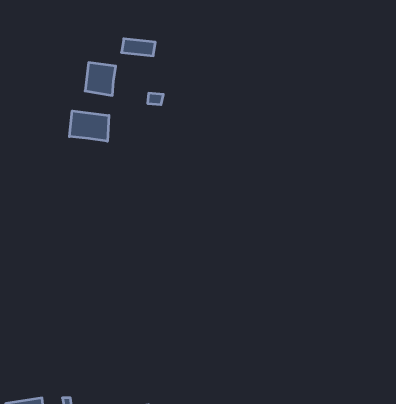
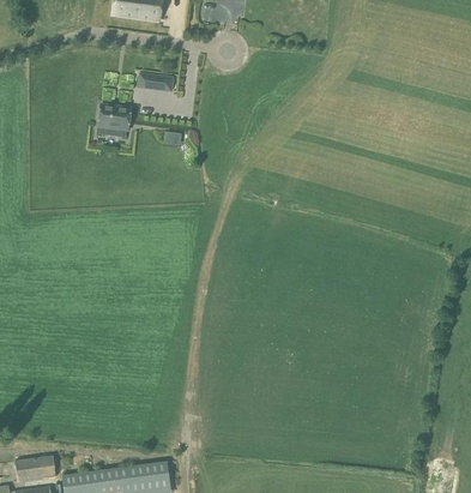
building: [69,111,109,141] -> none

